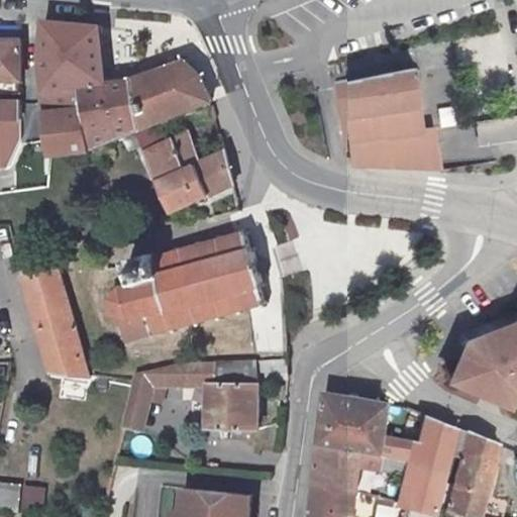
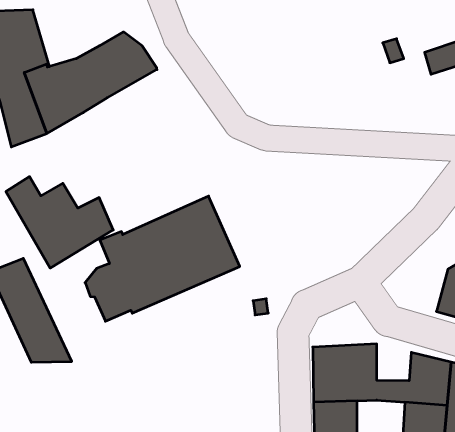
building: [337,72,440,178] -> none
building: [132,122,231,214] -> [6,177,113,268]
building: [118,359,284,441] -> none

